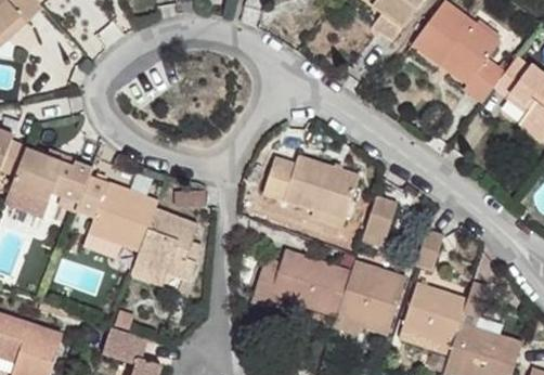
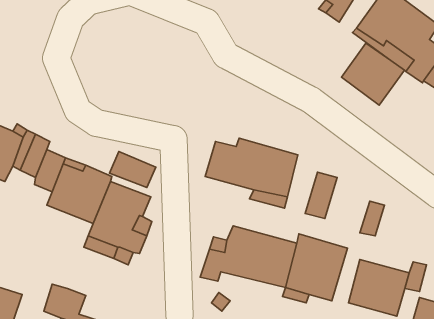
building: none -> [341,43,404,105]

